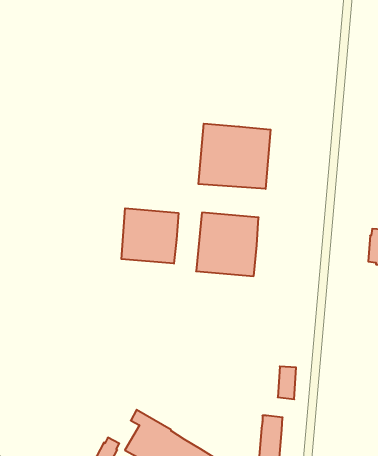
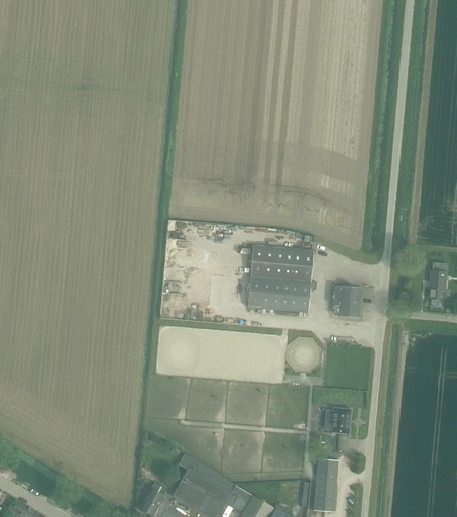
building: [198,124,271,189] -> none
building: [121,208,178,264] -> none
building: none -> [338,287,360,318]

